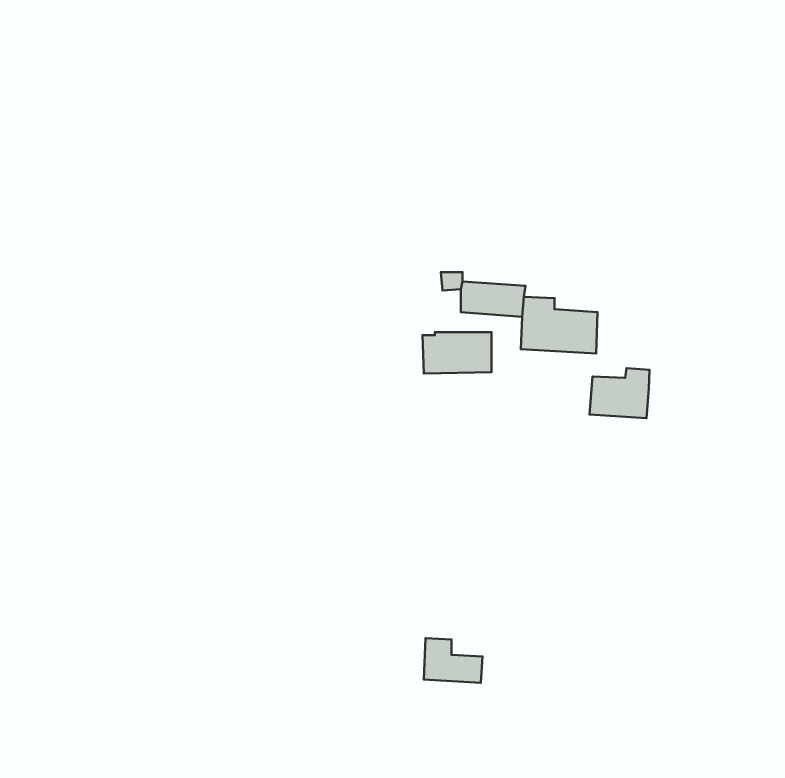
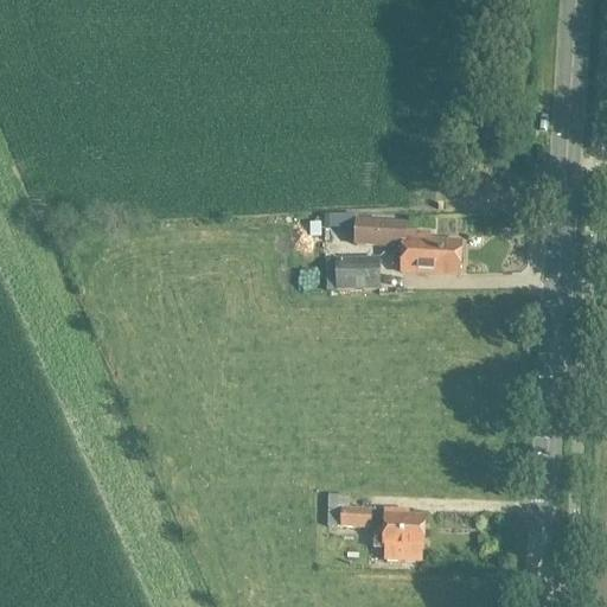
building: [590,368,650,418] -> none
building: none -> [372,505,424,558]

